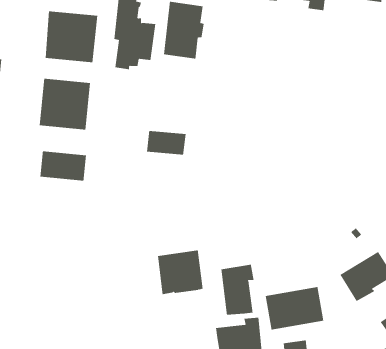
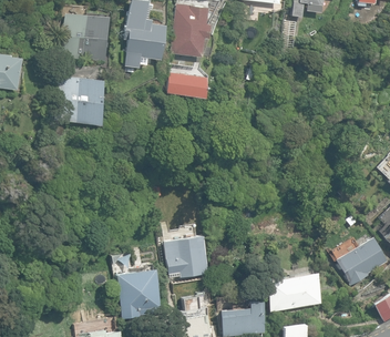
building: [146,130,186,155] -> [168,73,206,96]
building: [40,151,86,181] -> none
building: [221,264,254,316] -> none
building: none -> [117,267,162,318]

